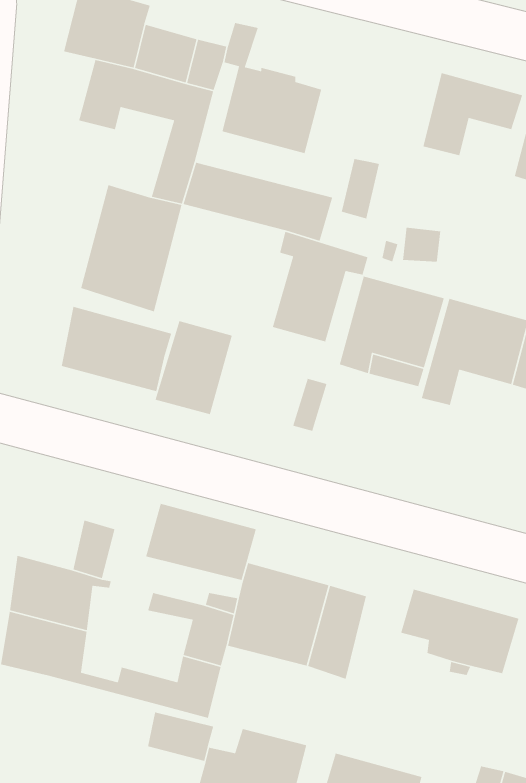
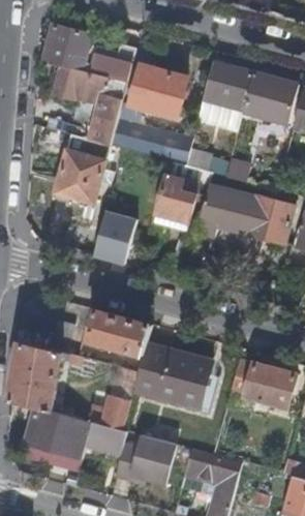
building: none -> [201,61,251,113]
building: [61,306,172,392] -> none
building: none -> [25,406,91,455]

